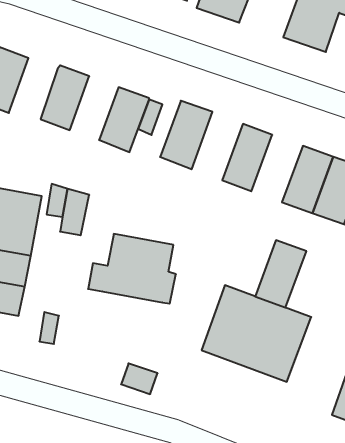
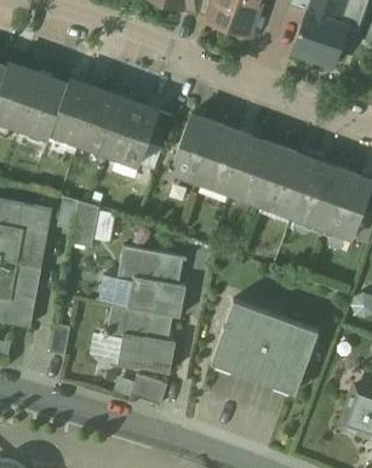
building: none -> [19,73,68,138]
building: none -> [80,91,128,154]
building: none -> [201,126,252,194]
building: [255,240,306,307] -> [261,149,311,216]
building: none -> [108,304,174,373]

